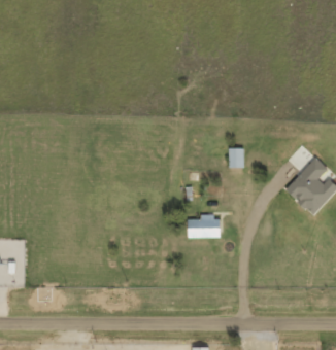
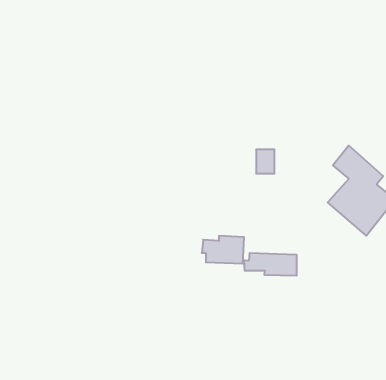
building: none -> [244,253,297,276]

